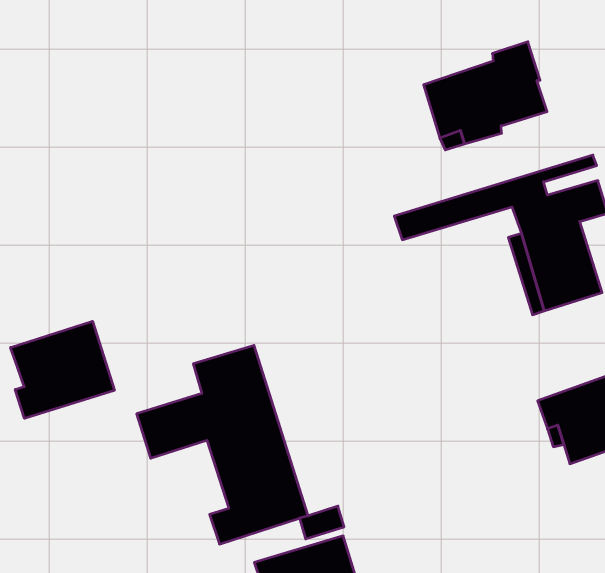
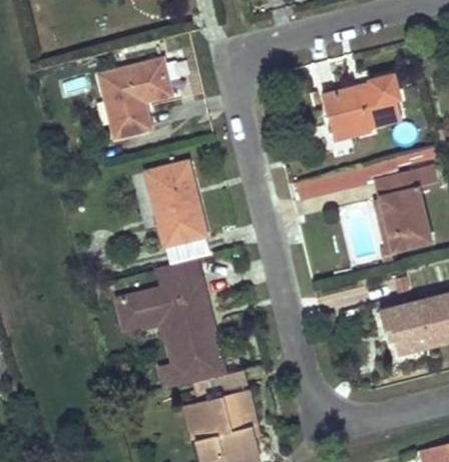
building: none -> [99,60,170,135]
building: none -> [146,162,206,245]
building: [11,321,114,418] -> none

